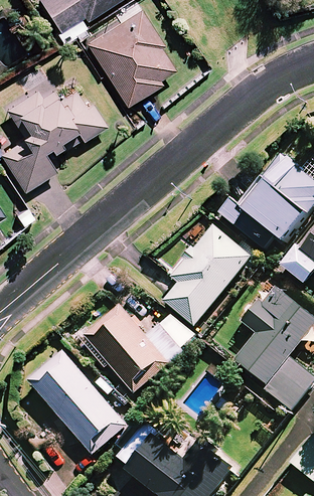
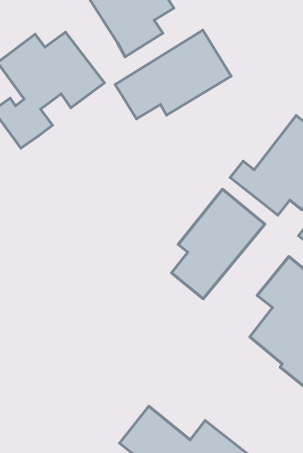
building: none -> [115,30,231,119]
building: [82,305,194,392] -> none
building: [29,351,126,454] -> none

